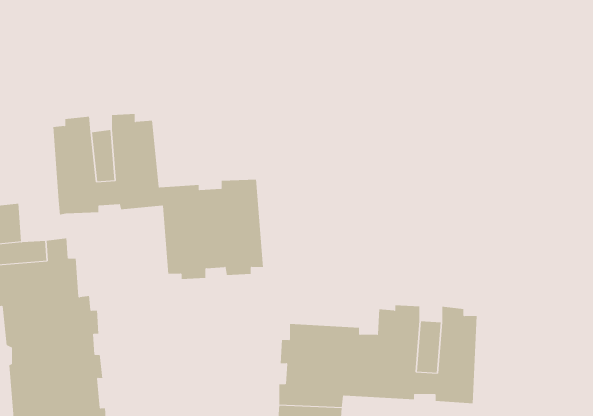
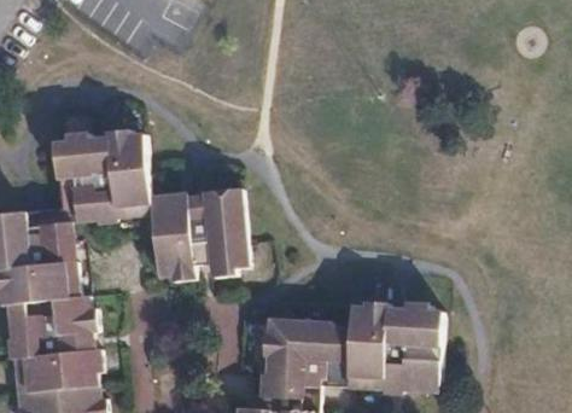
building: none -> [24,206,68,244]

